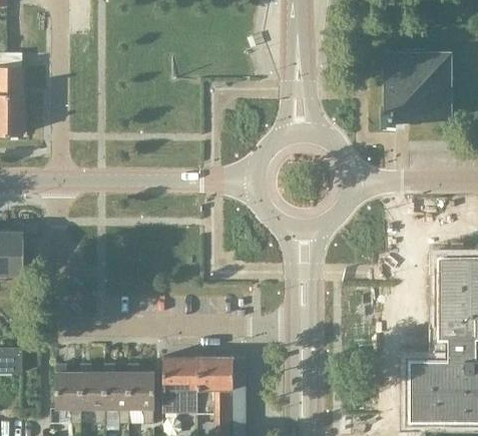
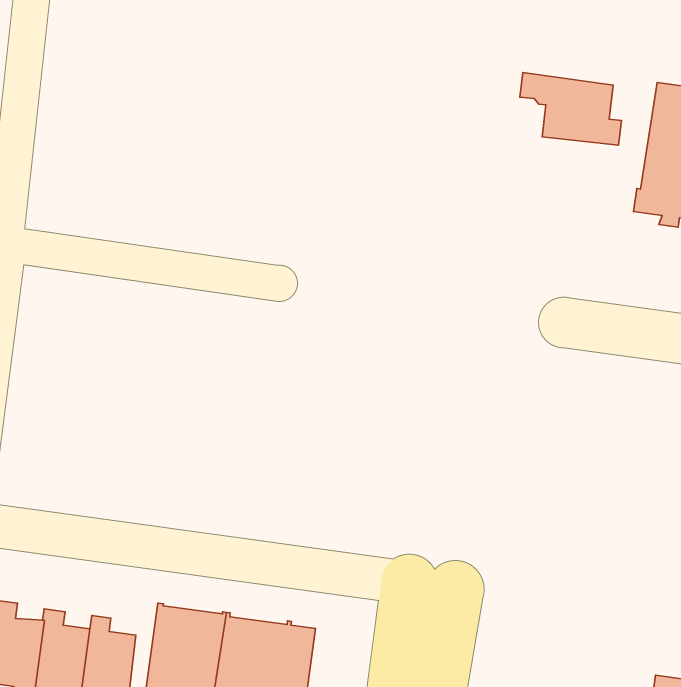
building: none -> [520,73,622,145]

